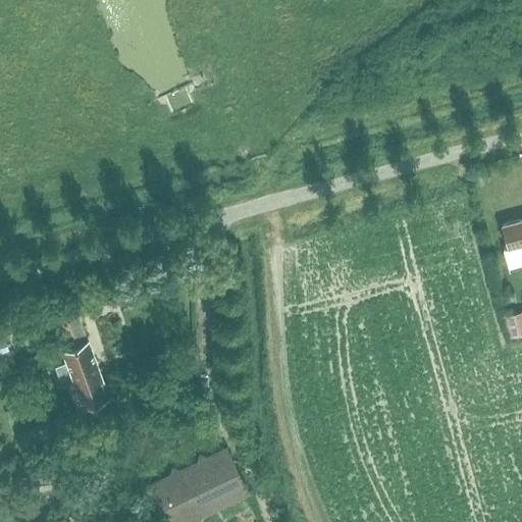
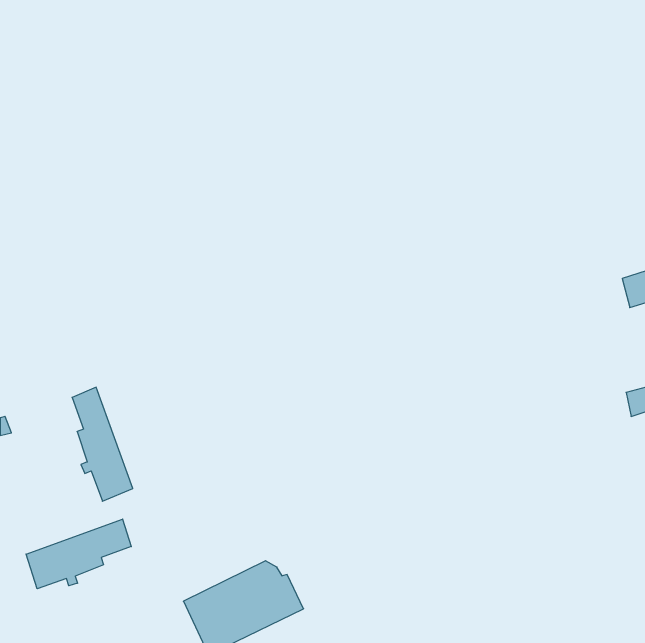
building: none -> [26,519,131,589]

